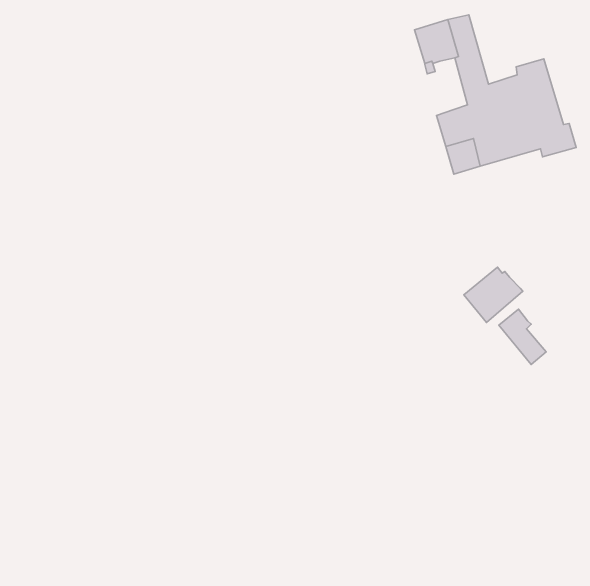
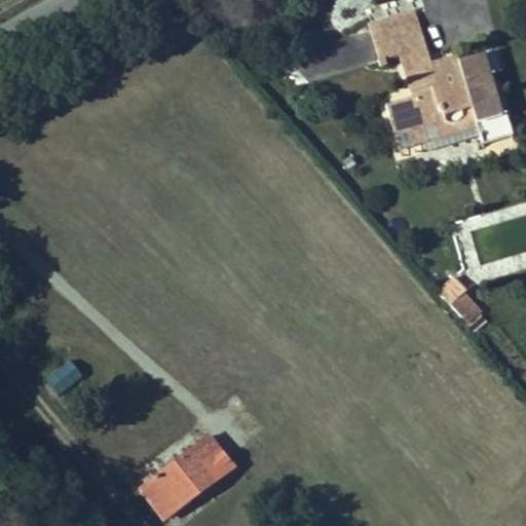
building: [464,267,523,322] -> none
building: none -> [140,433,231,516]

